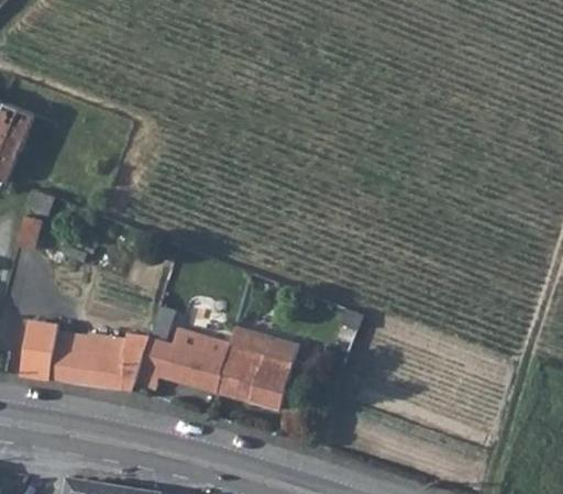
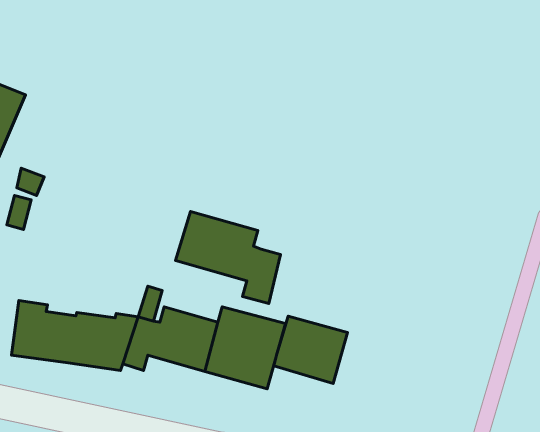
building: none -> [175,211,280,303]
building: none -> [274,316,347,384]

